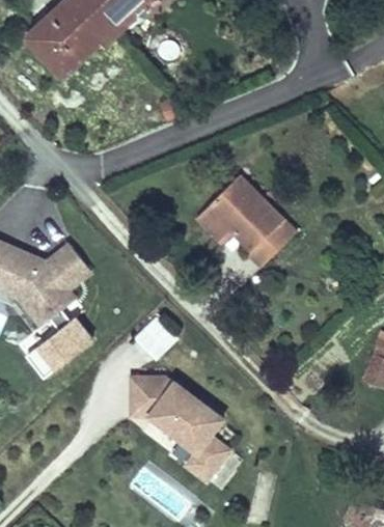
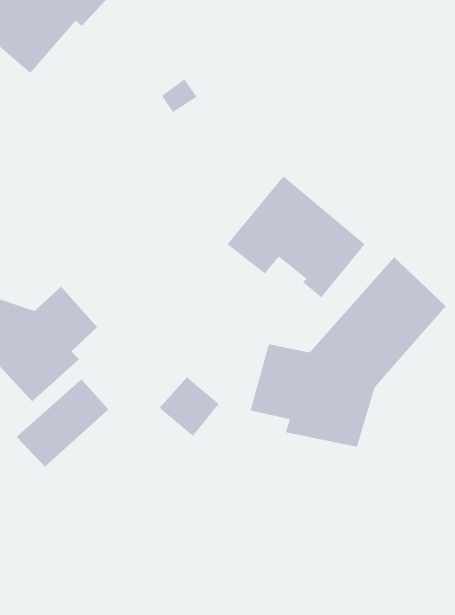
building: none -> [250,257,447,447]
building: [129,376,235,487] -> none

